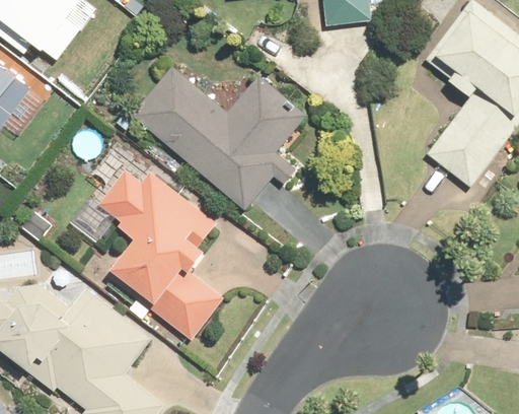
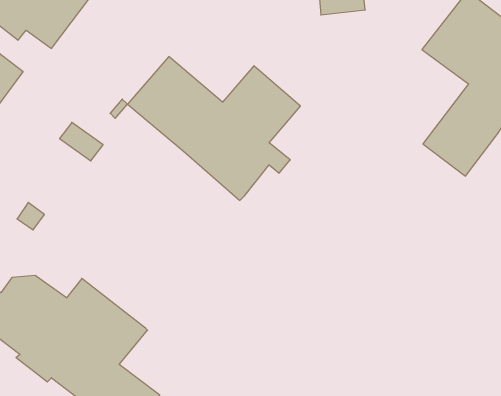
building: [99,170,223,340] -> none

